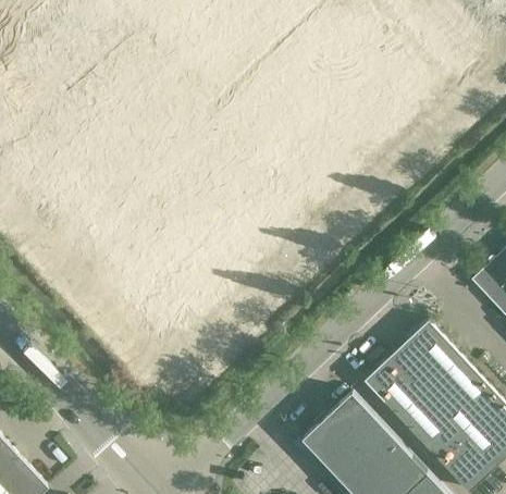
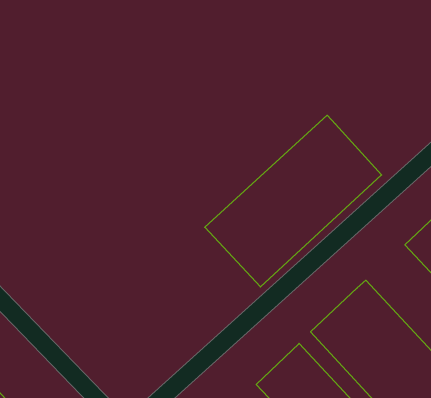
building: none -> [205,115,382,287]

